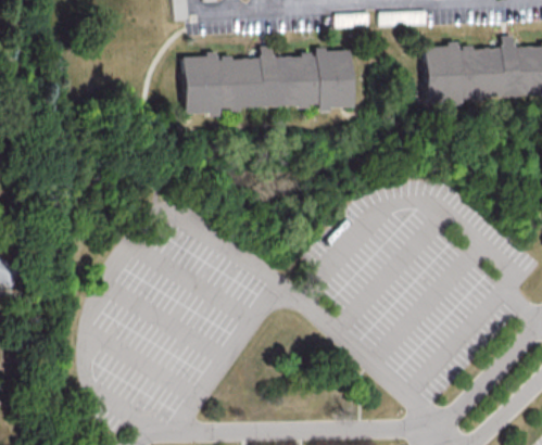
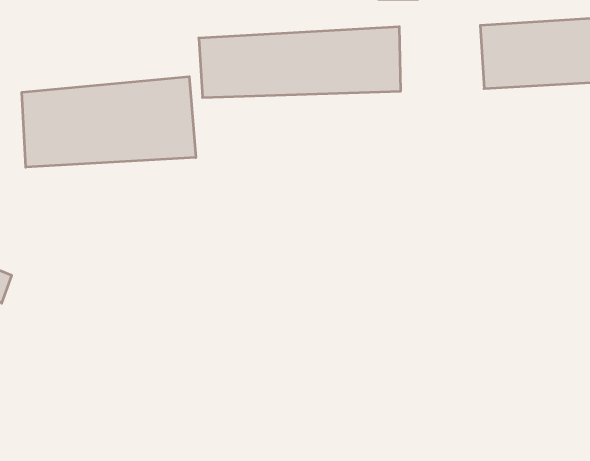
building: none -> [22,77,196,167]

